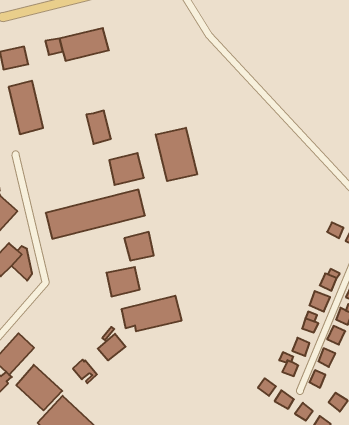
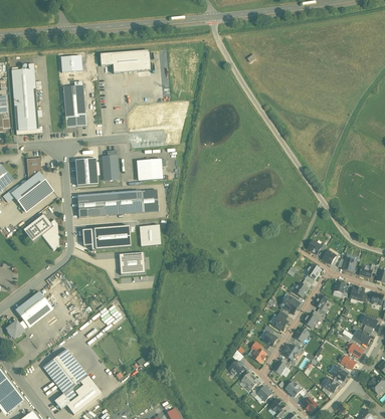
building: [86,111,111,144] -> [102,155,119,181]
building: [156,128,197,181] -> none
building: none -> [74,158,98,186]
building: [121,296,182,331] -> [82,225,131,249]
building: [16,365,62,410] -> none

